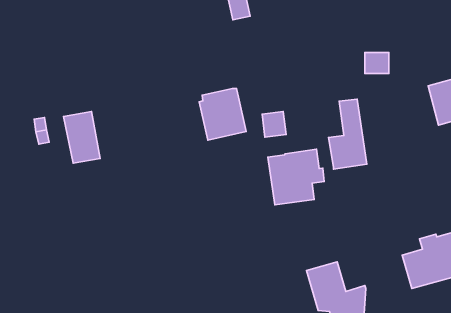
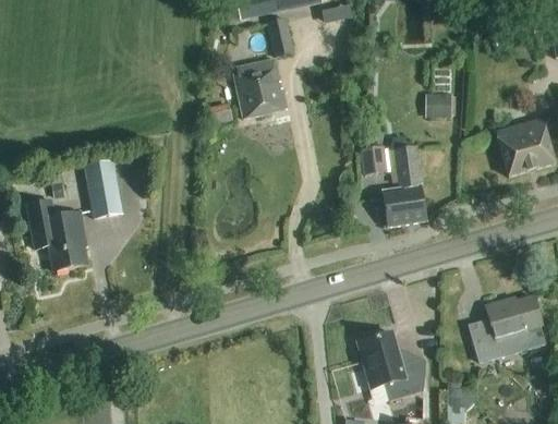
building: [199,88,246,140] -> [234,59,288,118]
building: [262,111,286,137] -> [361,145,388,174]
building: none -> [27,199,88,269]
building: [268,149,324,205] -> none

